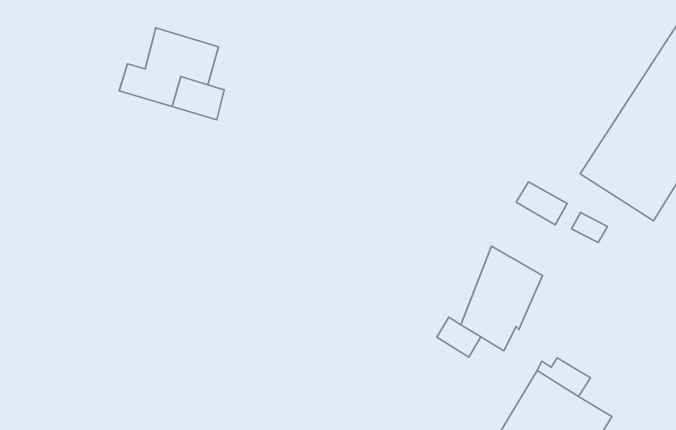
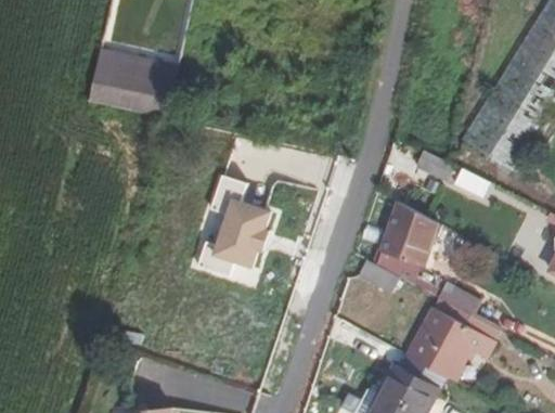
building: none -> [209,198,267,267]

